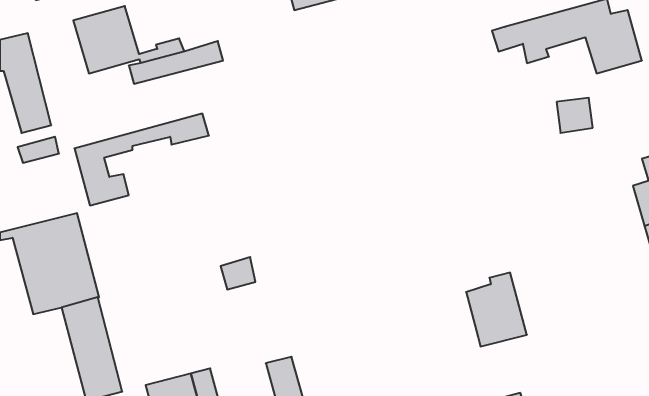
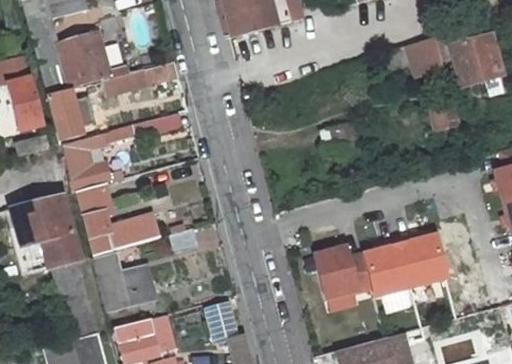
building: none -> [47,89,90,140]
building: none -> [72,182,159,253]
building: none -> [397,235,445,288]
building: none -> [313,248,372,299]
building: none -> [97,254,158,308]

